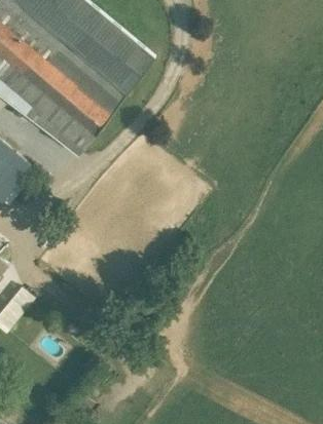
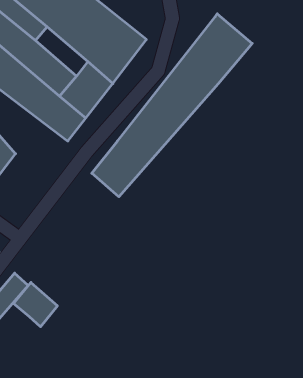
building: none -> [92,14,252,197]
building: [45,44,97,92] -> none
building: none -> [13,282,57,327]

